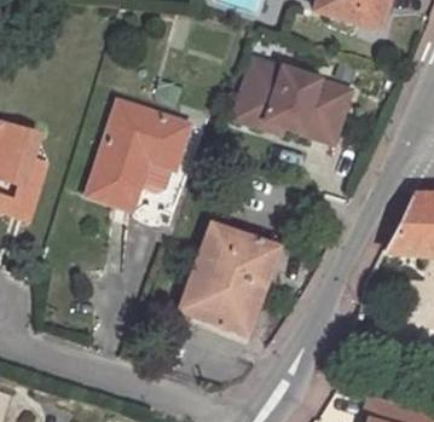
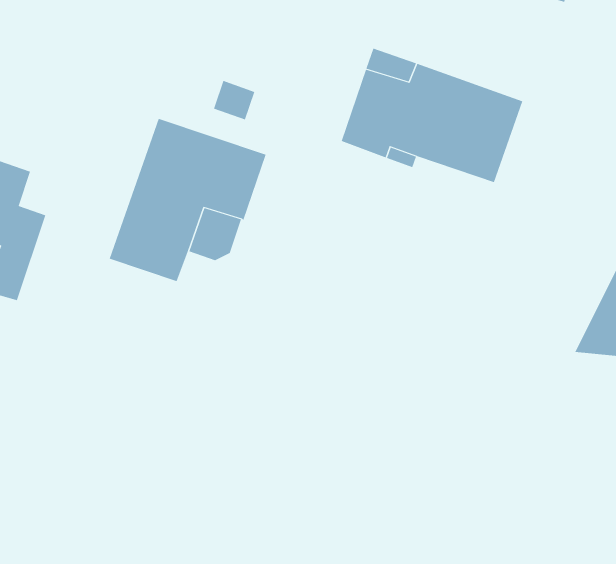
building: [180,226,277,333] -> none

